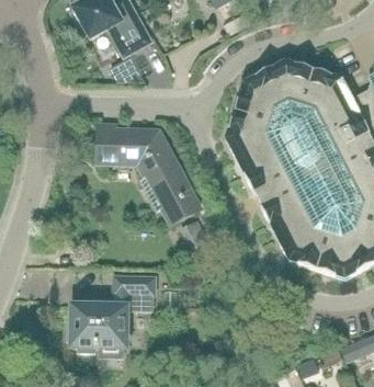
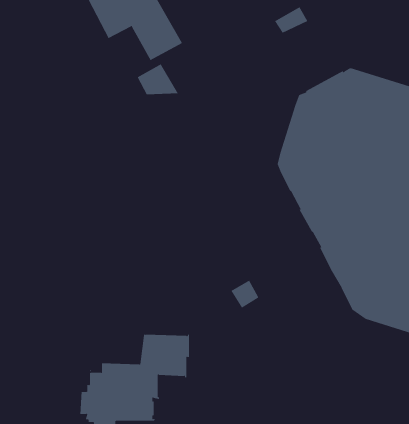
building: [99,122,200,223] -> none

